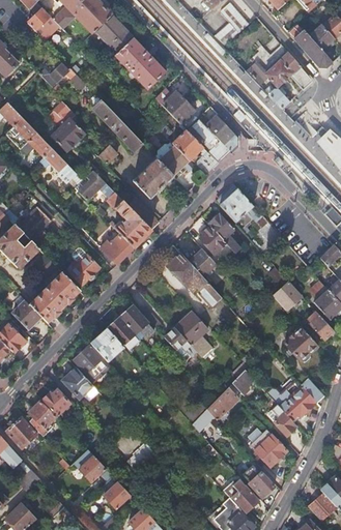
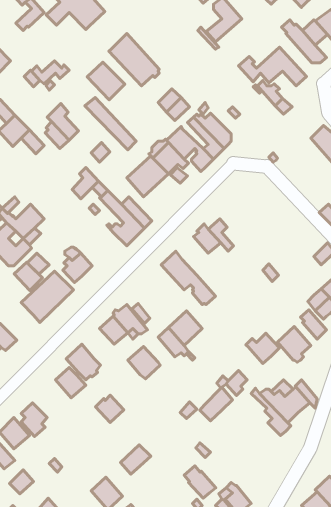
building: [96,16,134,53] -> [87,62,125,100]
building: [39,148,83,184] -> none
building: [218,183,267,229] -> none
building: [101,234,134,264] -> none
building: [189,248,217,276] -> none
building: [268,281,302,311] -> [246,333,279,364]
building: [13,300,41,328] -> [14,262,43,290]
building: [91,329,123,361] -> [128,346,160,379]
building: [42,389,70,416] -> [96,395,124,422]
building: [253,430,286,468] -> none
building: [74,449,106,482] -> none
building: [243,467,274,499] -> [184,466,216,498]

